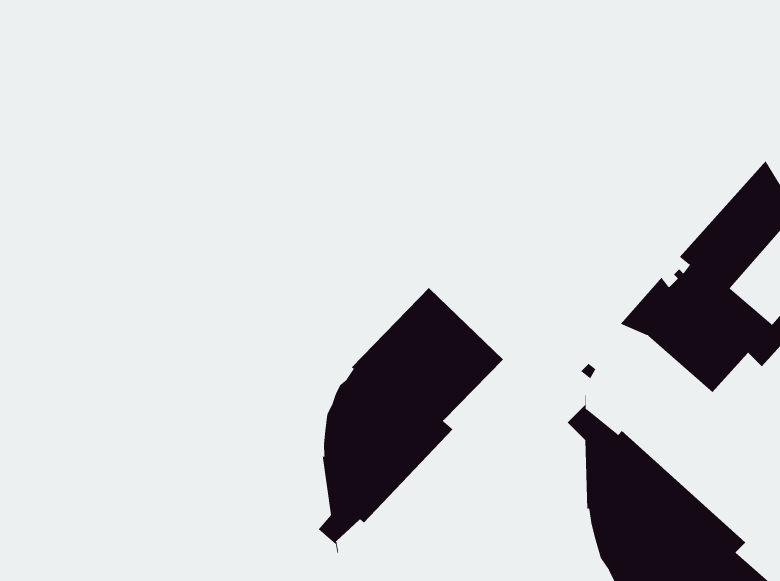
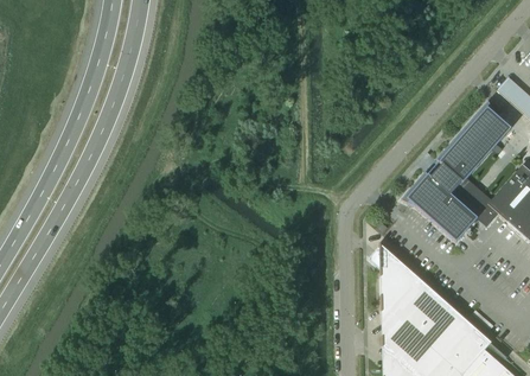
building: [318,286,504,553] -> none

